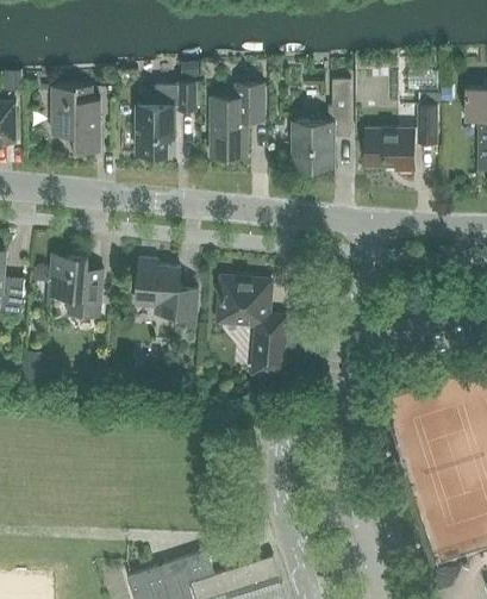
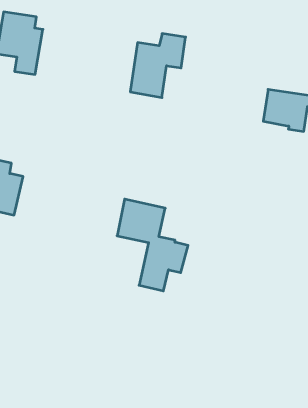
building: [293,80,350,167] -> none
building: [136,83,195,155] -> none
building: [136,260,198,326] -> none

